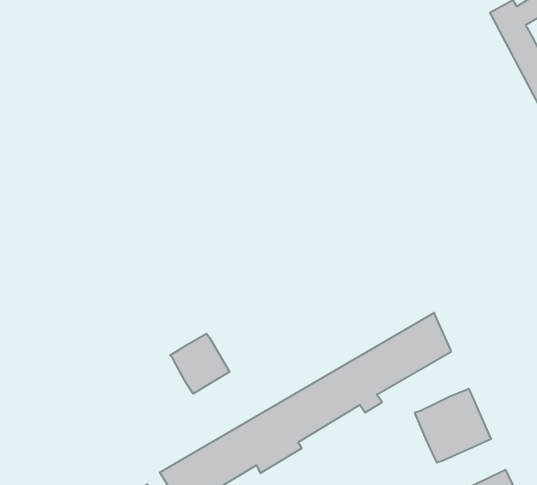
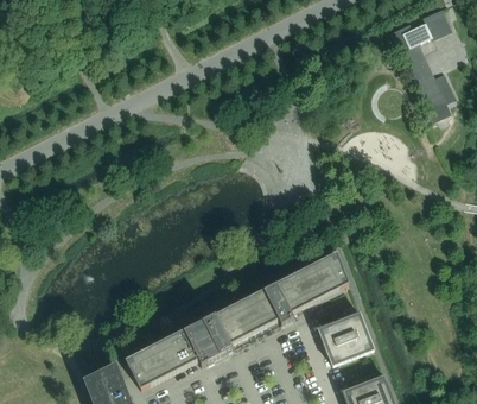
building: [170,334,230,394] -> none

